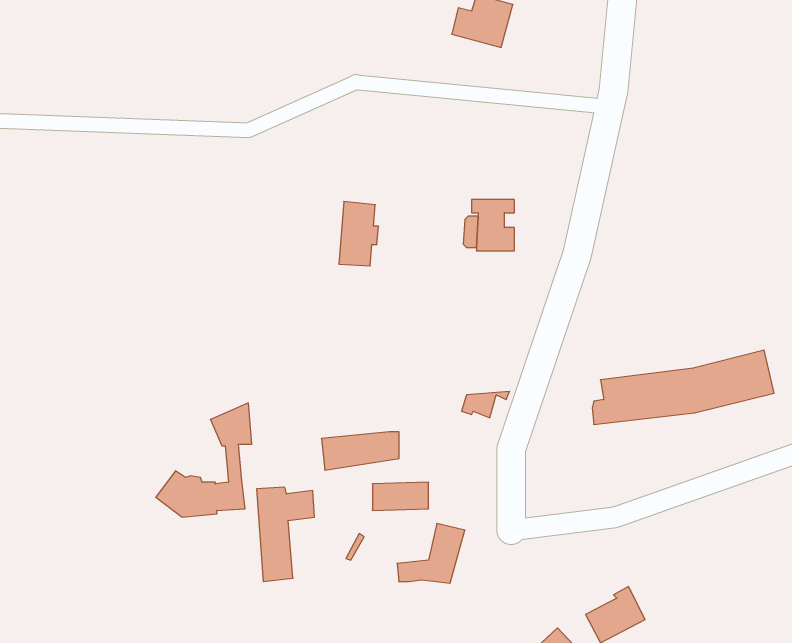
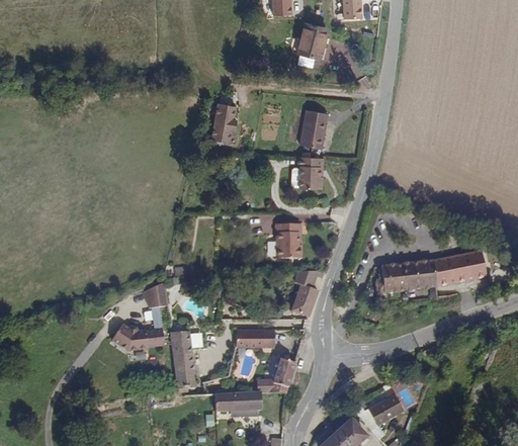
building: none -> [305,107,333,149]
building: [339,201,379,266] -> [208,106,233,146]
building: none -> [275,224,303,258]
building: none -> [292,285,318,318]
building: [321,432,399,470] -> [214,389,262,413]

